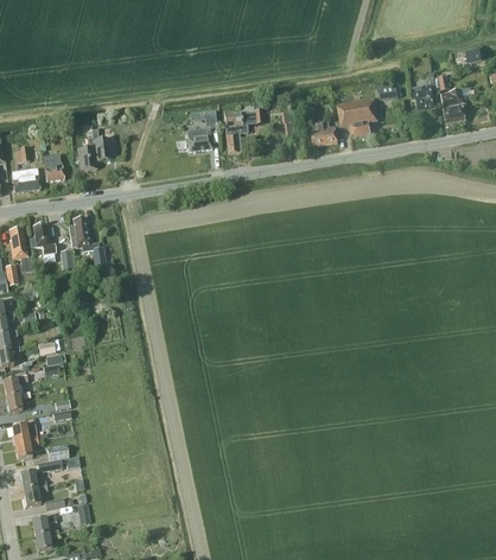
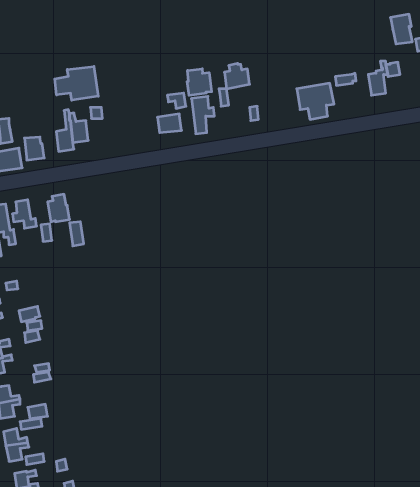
building: none -> [55,66,98,100]
building: none -> [187,69,212,95]
building: [440,90,464,122] -> [390,14,412,44]
building: [310,119,337,146] -> [224,63,250,89]

